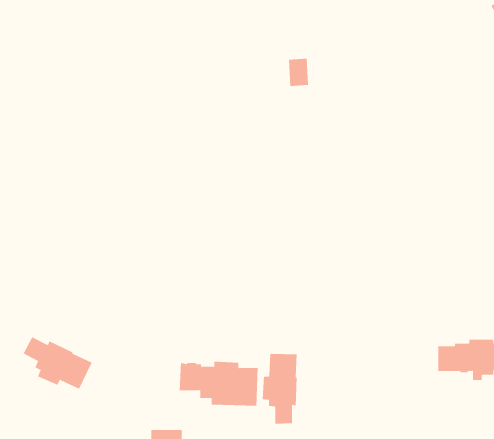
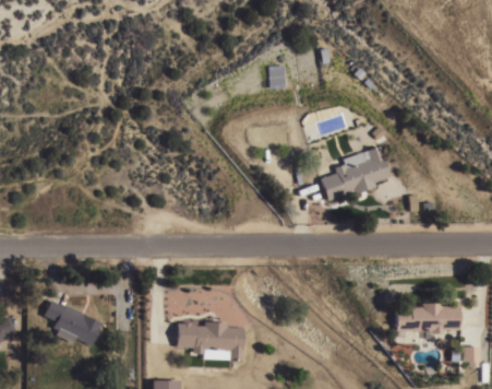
building: none -> [320,145,389,200]
building: [262,353,297,424] -> none

